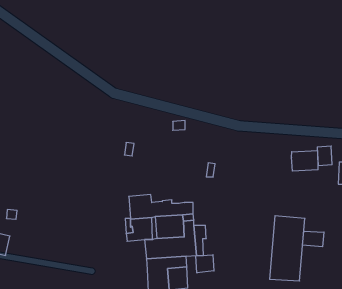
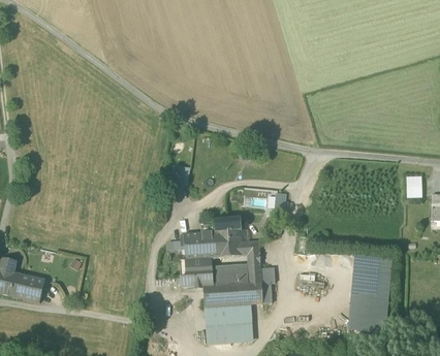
building: [292,151,318,171] -> none
building: none -> [210,218,243,241]
building: [303,231,324,247] -> none
building: [196,255,214,273] -> none

